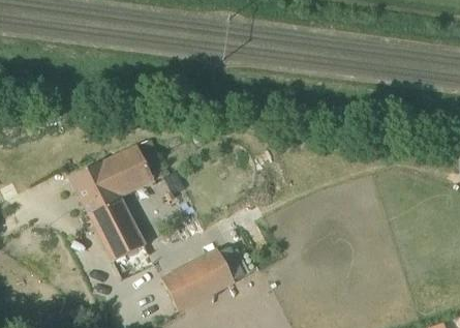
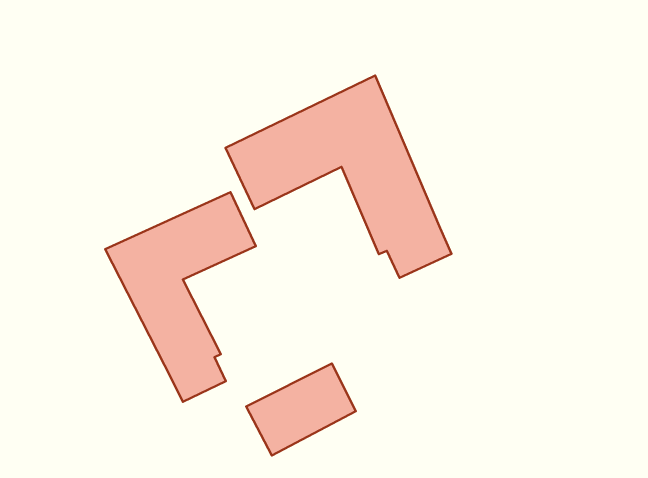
building: none -> [226,75,452,278]

